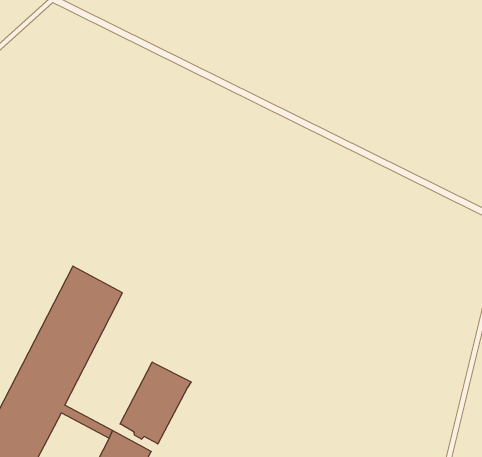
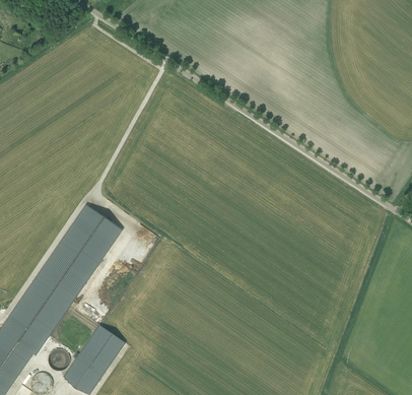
building: [120,362,191,444] -> none

